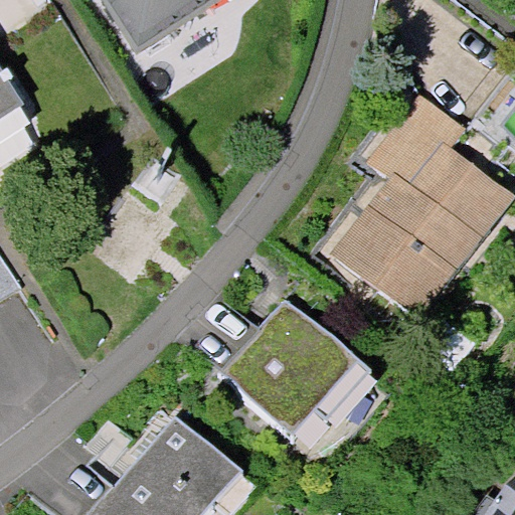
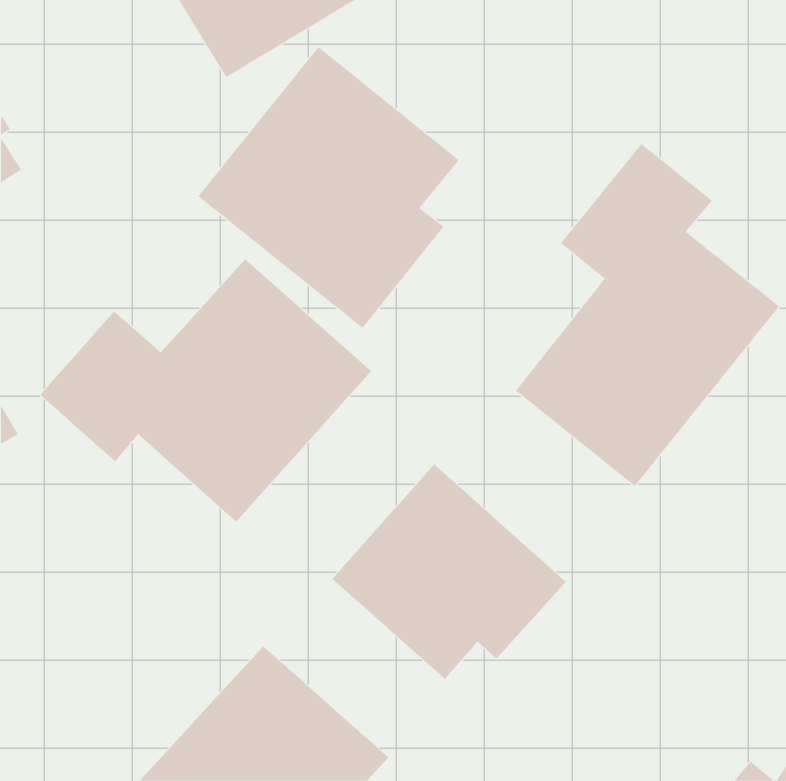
building: none -> [197,46,460,329]
building: none -> [40,259,372,523]

